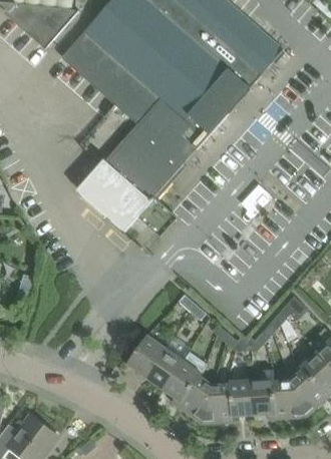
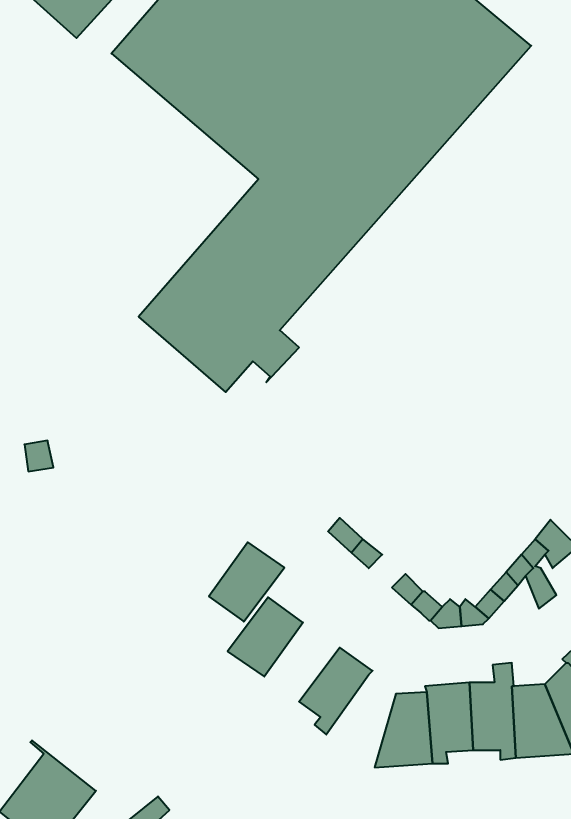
building: [145,348,185,389] -> [209,542,284,622]
building: [178,375,214,423] -> none

